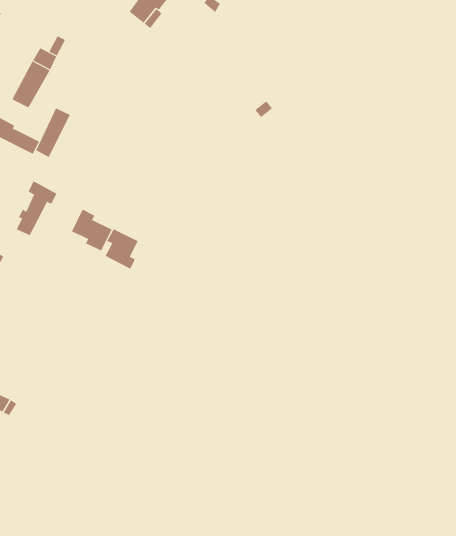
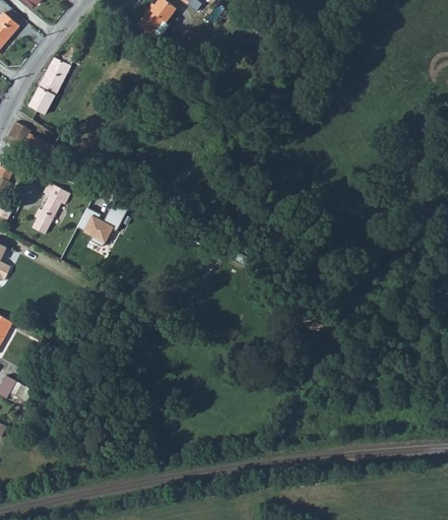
building: [36,107,70,158] -> none
building: [105,228,138,269] -> none

